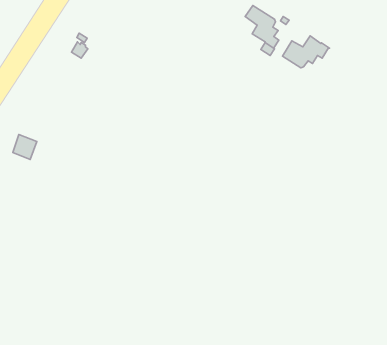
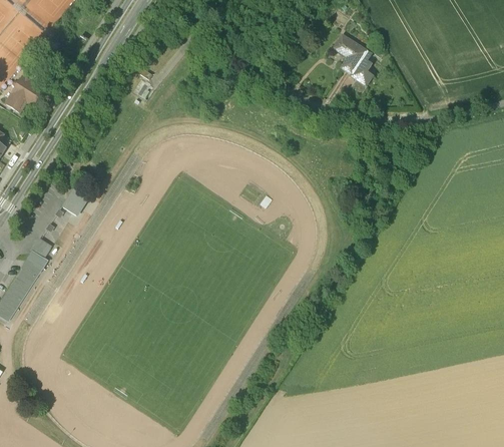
building: [283,36,330,68] -> none

